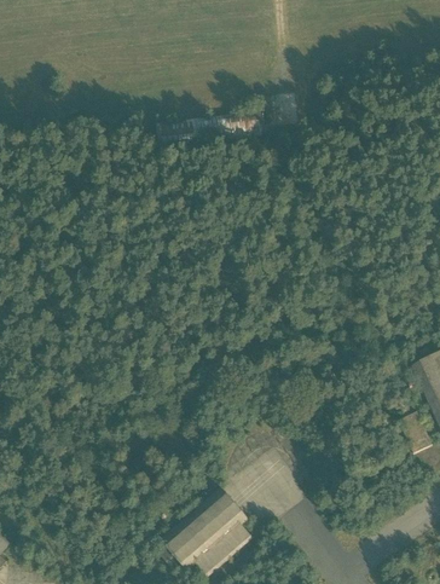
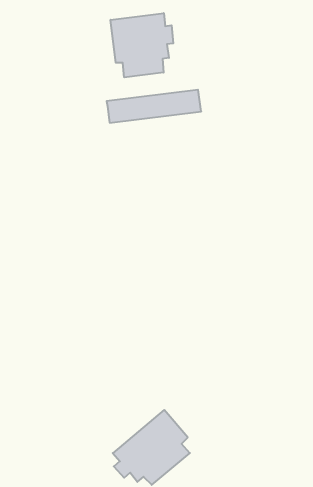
building: none -> [111,13,173,77]

